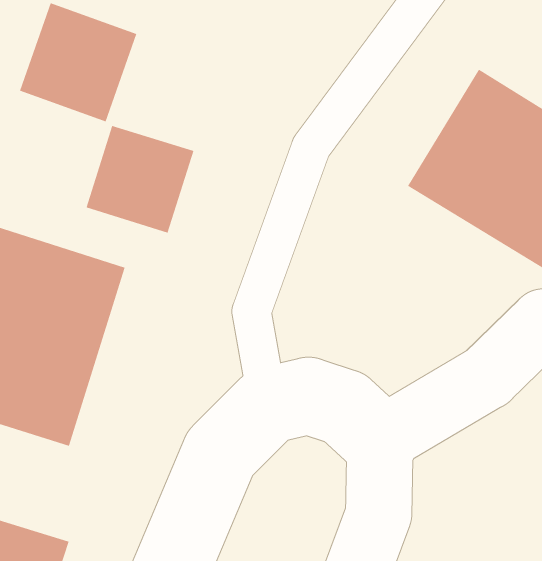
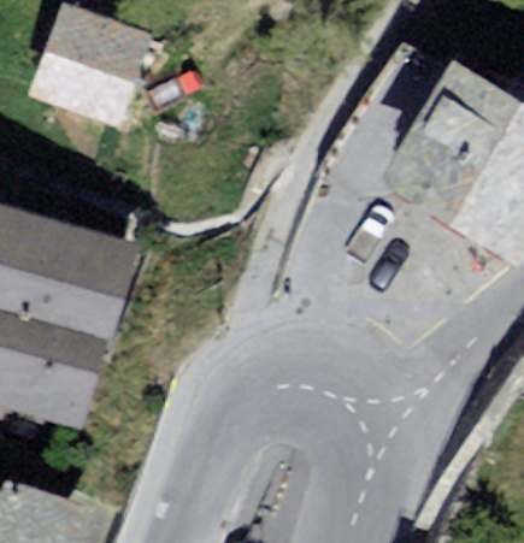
building: [86,125,194,233] -> none

